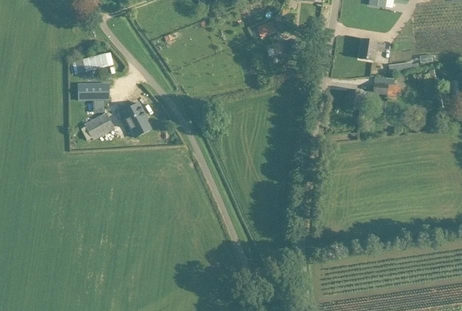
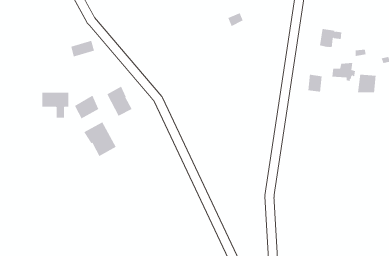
building: [78,82,109,111] -> [41,92,69,118]
building: none -> [357,74,376,93]
building: none -> [84,122,116,157]

